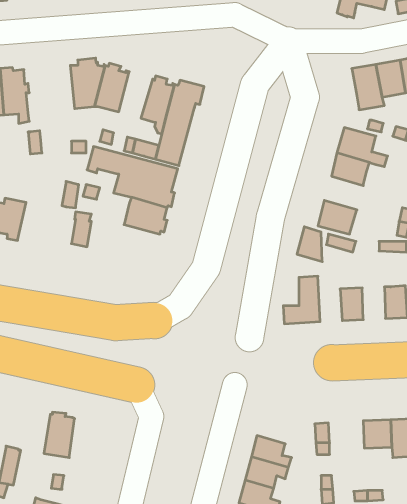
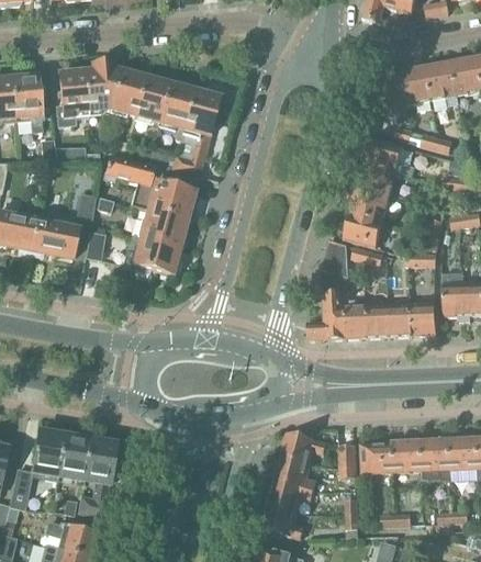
building: none -> [56,68,90,126]
building: none -> [136,76,171,126]
building: none -> [350,187,391,222]
building: none -> [31,214,79,258]
building: none -> [131,235,179,274]
building: none -> [344,291,369,338]
building: none -> [390,302,414,336]
building: none -> [32,428,65,475]
building: none -> [280,431,327,465]
building: none -> [80,439,116,518]
building: none -> [362,441,392,471]

